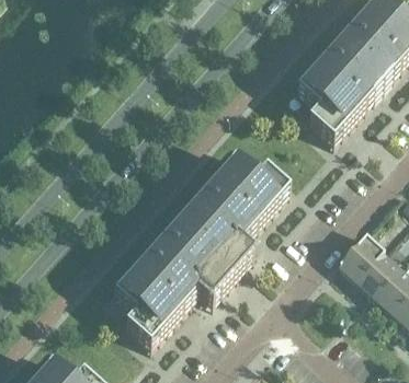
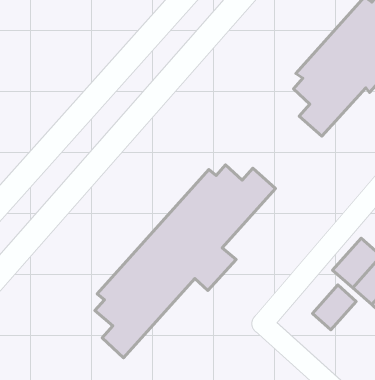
building: none -> [312,285,356,330]

